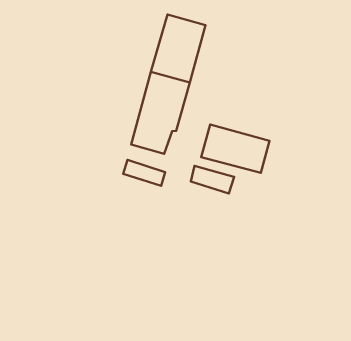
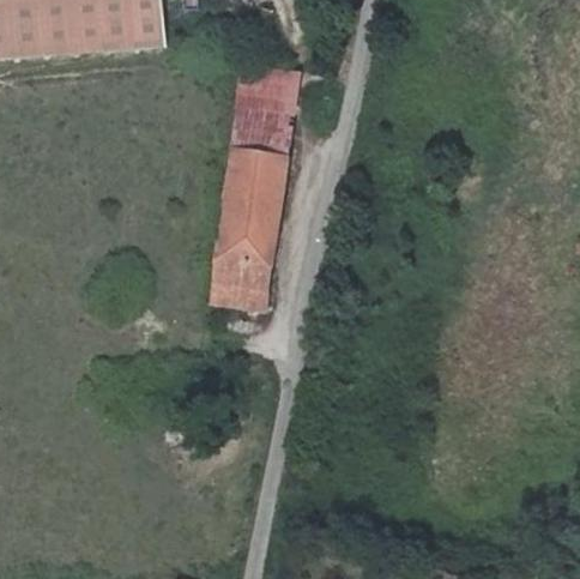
building: [201,124,269,173] -> none
building: [191,166,234,194] -> [213,255,274,289]

